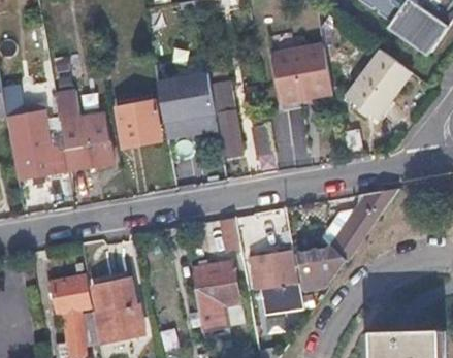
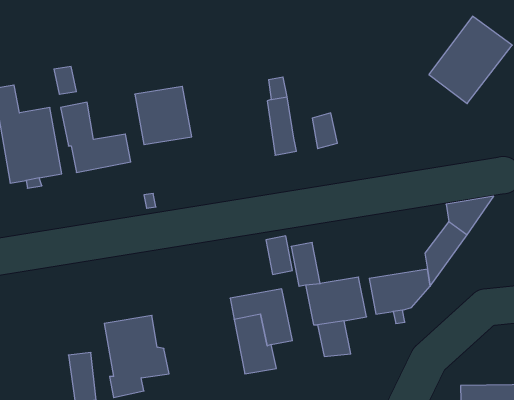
building: [270,43,330,101] -> none
building: [152,72,214,141] -> none
building: [43,275,93,312] -> none

